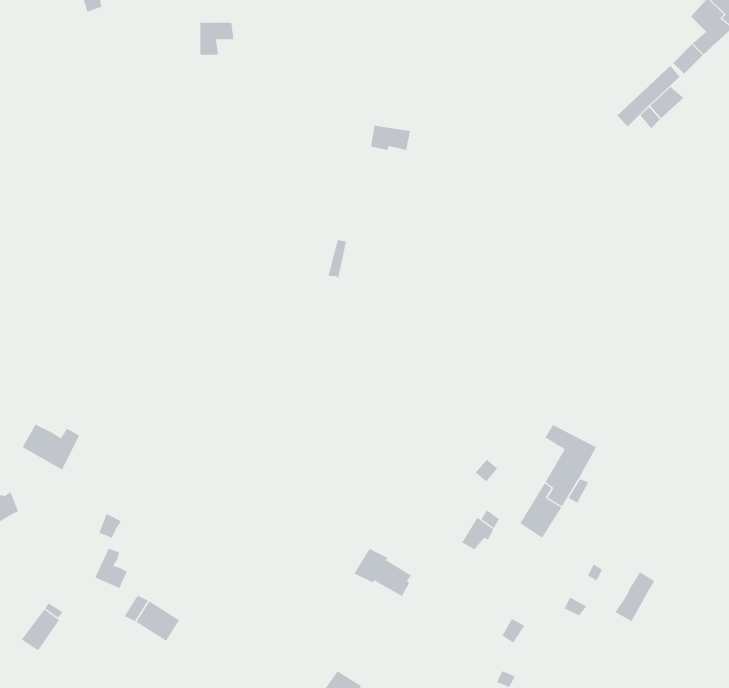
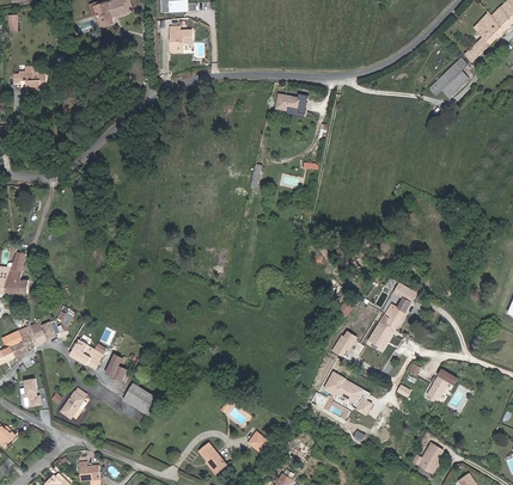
building: [22,424,80,470] -> [69,340,105,369]
building: [354,548,412,597] -> [323,372,359,401]

